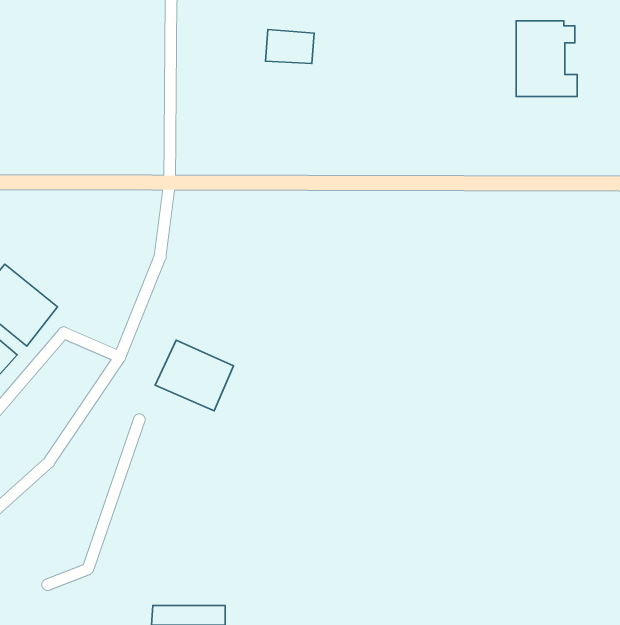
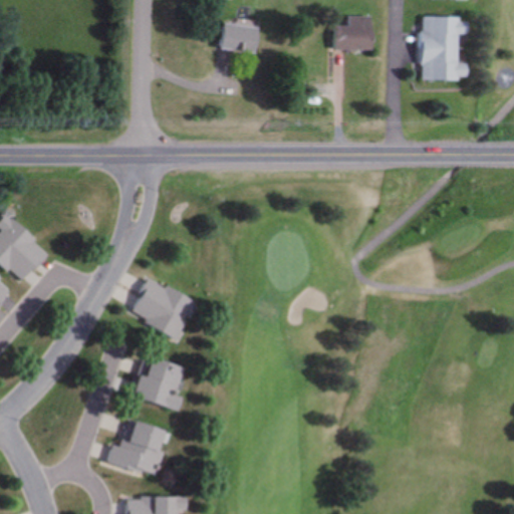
building: none -> [333,16,374,50]
building: none -> [133,358,182,410]
building: none -> [104,421,166,476]

